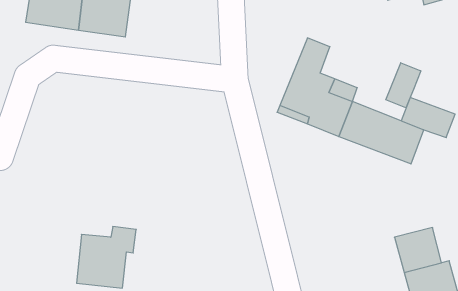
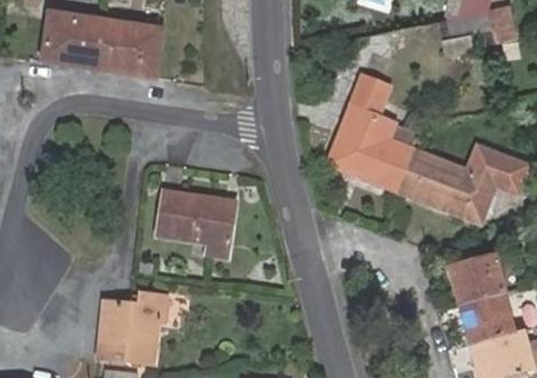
building: [386,63,421,108] -> none
building: none -> [157,191,236,257]
building: none -> [450,253,506,305]

